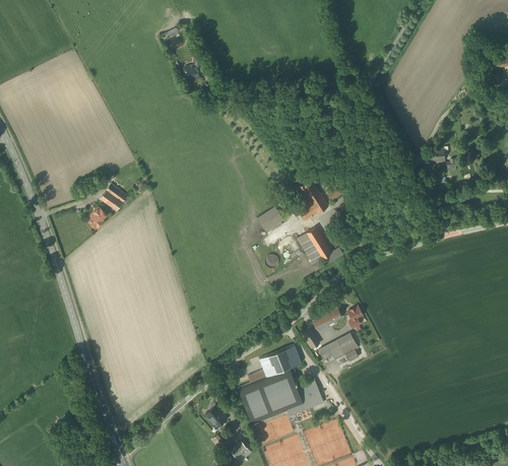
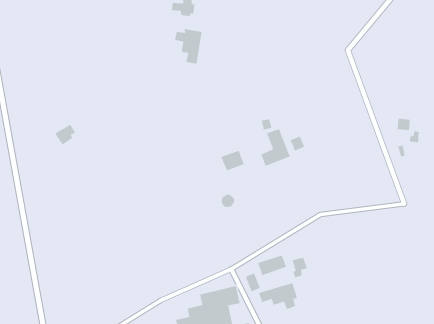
building: none -> [174,28,202,64]
building: [101,184,128,211] -> none
building: [296,226,344,265] -> none

